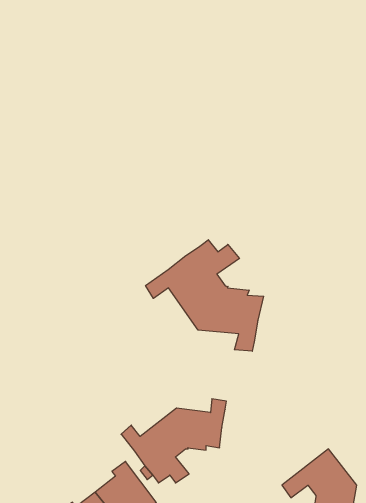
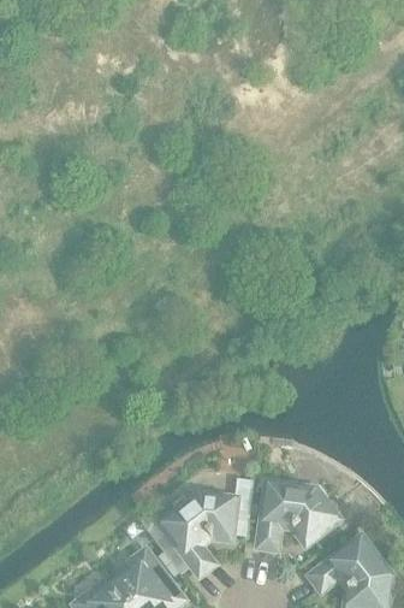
building: [146,240,264,351] -> none
building: none -> [246,480,337,545]

